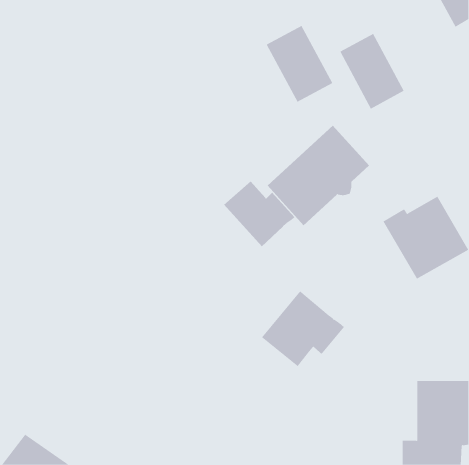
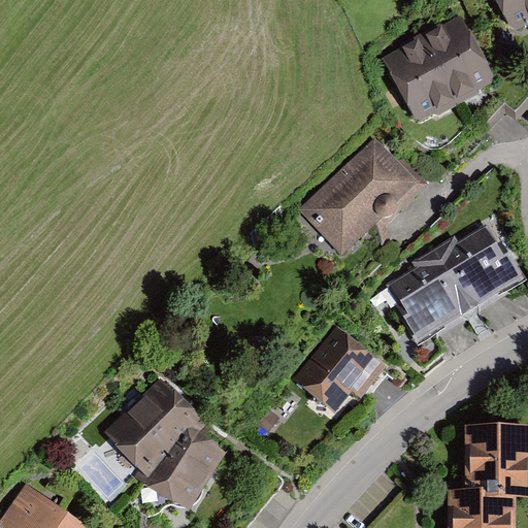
building: [266,25,333,102] -> [419,15,494,102]
building: [223,180,295,247] -> none
building: none -> [381,249,467,343]
building: none -> [109,380,228,512]

